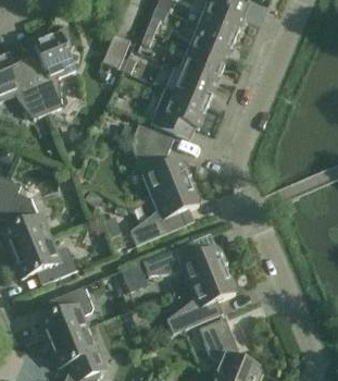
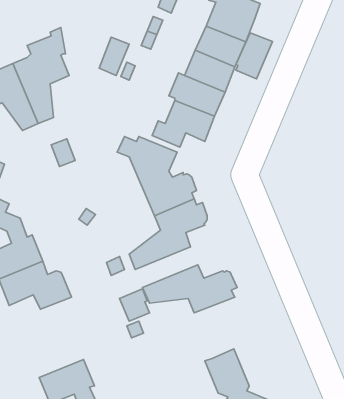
building: none -> [236,33,272,79]
building: [166,270,237,333] -> none
building: [38,285,92,343] -> none

